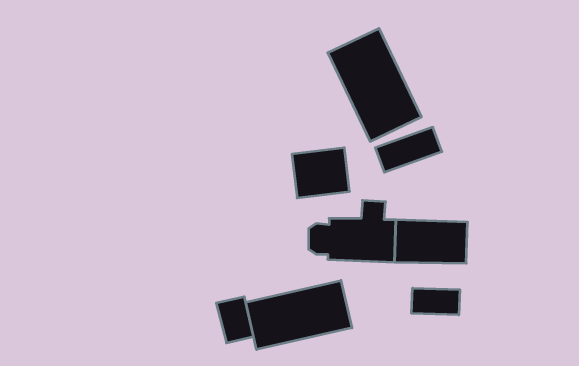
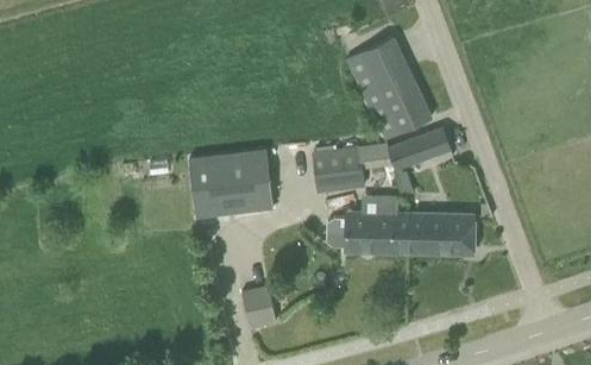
building: none -> [188,149,271,215]
building: [246,280,352,350] -> none
building: [412,288,460,315] -> none

